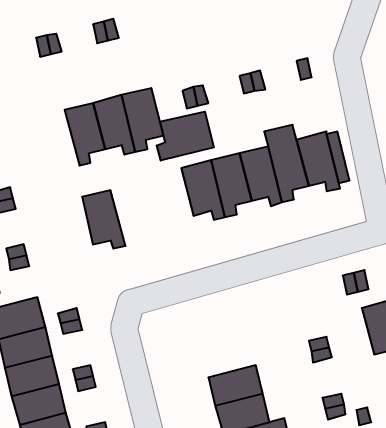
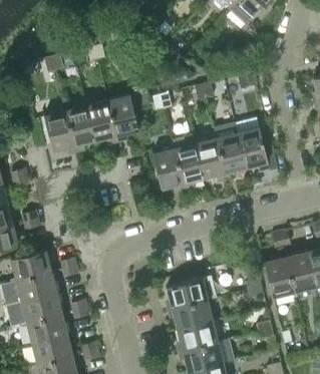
building: [157,112,214,161] -> none
building: [82,190,126,249] -> [44,111,76,154]
building: none -> [263,258,294,298]
building: none -> [167,276,215,309]

